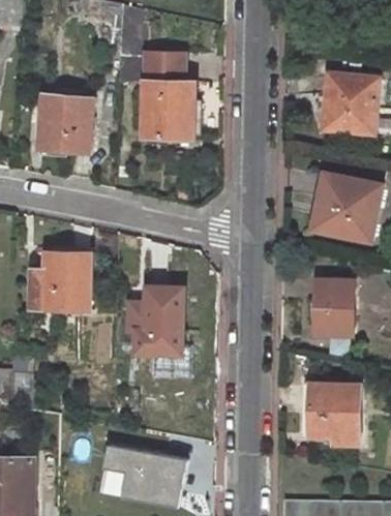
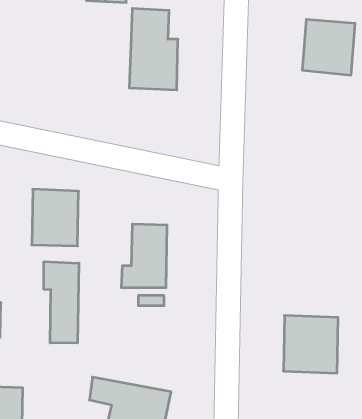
building: [36,91,93,151] -> none
building: [313,173,381,239] -> none
building: [314,278,355,333] -> none
building: none -> [44,262,79,343]

